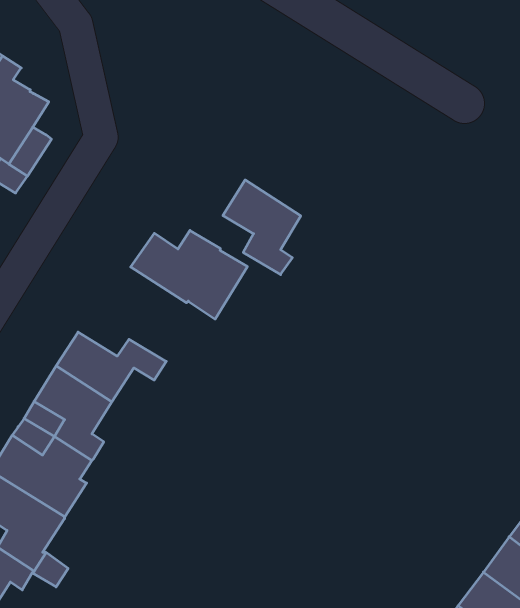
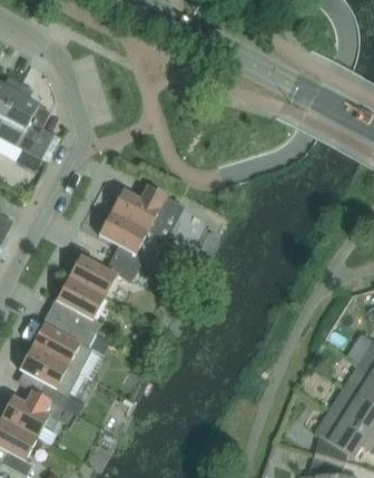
building: [223,180,301,275] -> [98,211,147,269]

